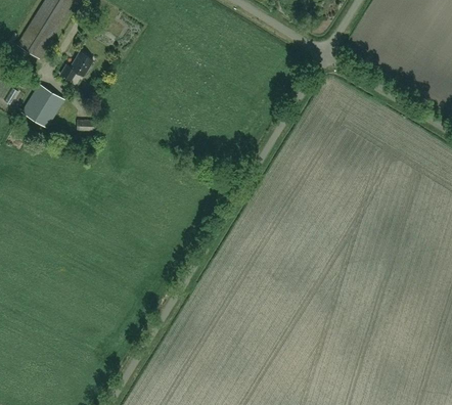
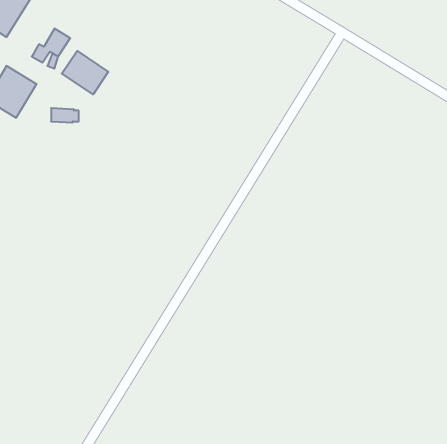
building: none -> [62,51,108,94]

